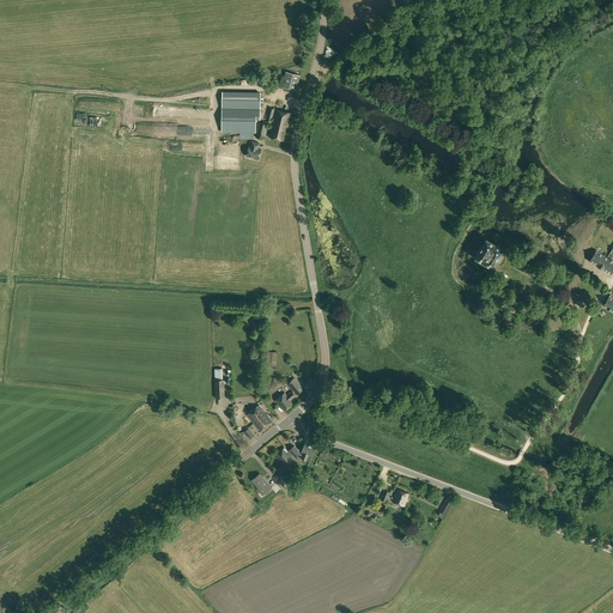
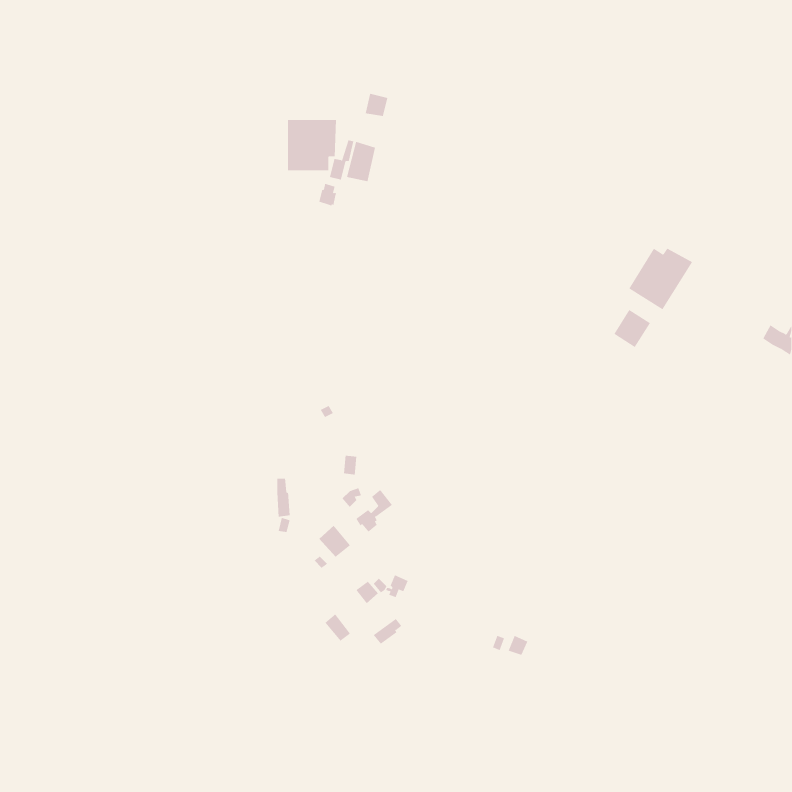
building: none -> [628,248,693,310]

